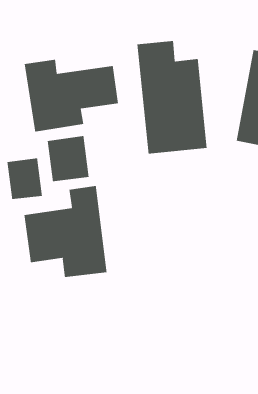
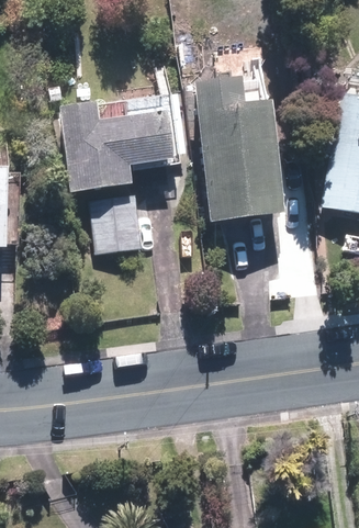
building: [7,157,43,200] -> none
building: [24,185,107,278] -> none

